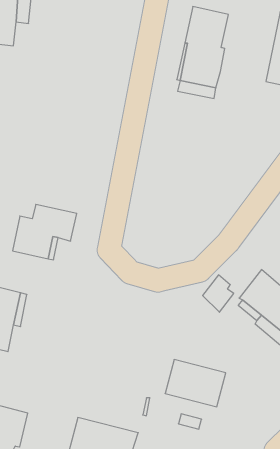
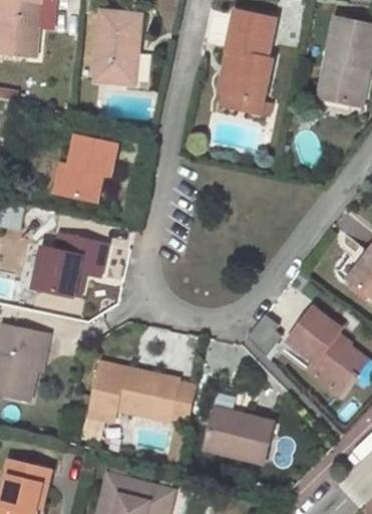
building: none -> [95,11,142,83]
building: none -> [55,137,116,200]
building: none -> [89,362,178,420]

